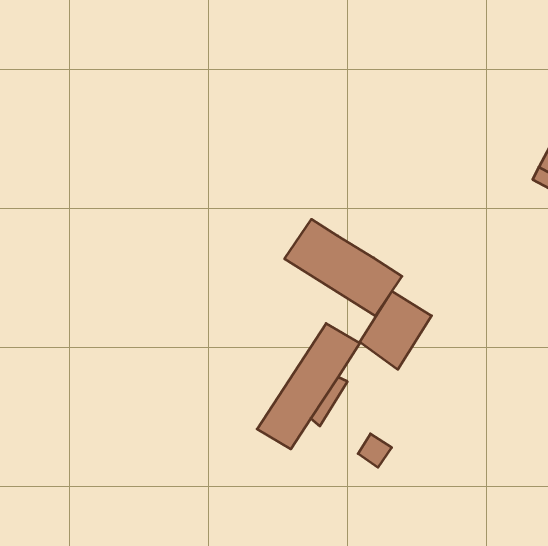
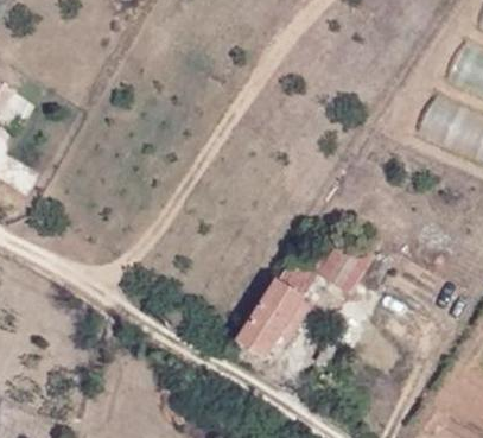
building: [285,219,402,316] -> none

